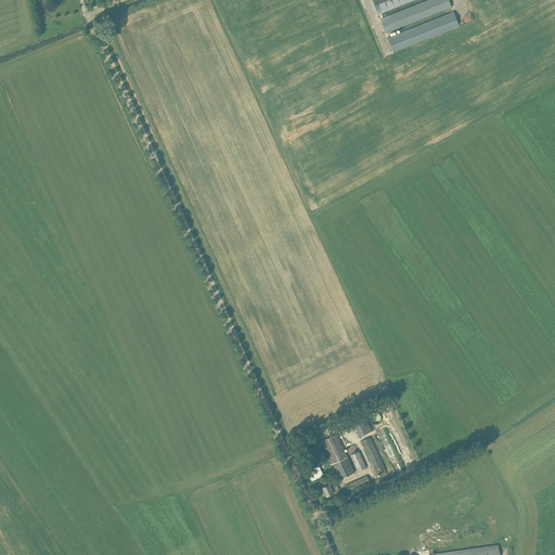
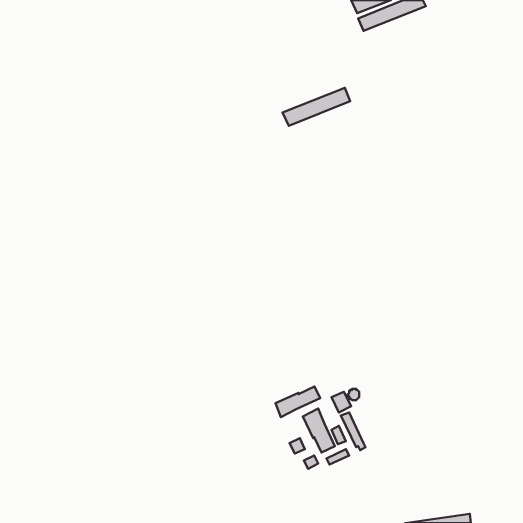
building: [387,12,459,52] -> [283,88,350,126]
building: none -> [275,387,320,417]

